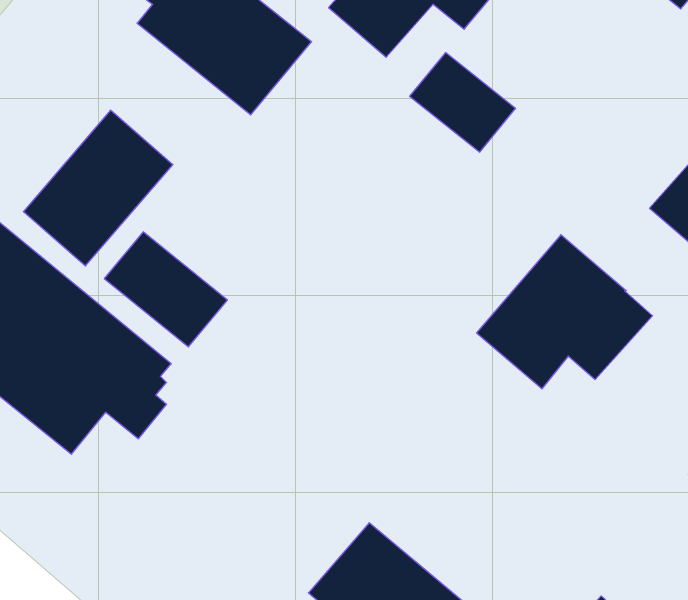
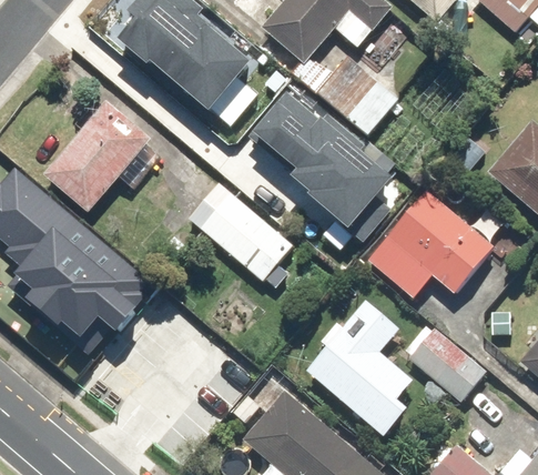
building: none -> [251,91,399,231]
building: [104,232,227,347] -> [203,199,291,281]
building: none -> [308,301,413,436]
building: none -> [407,329,484,401]

